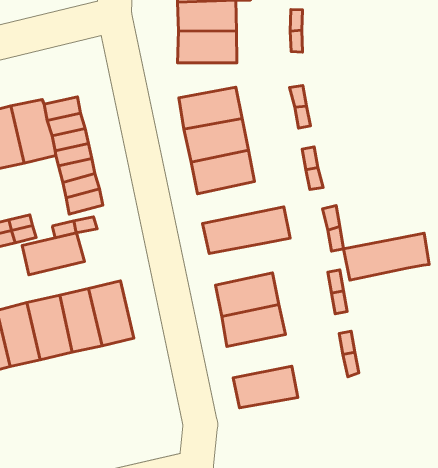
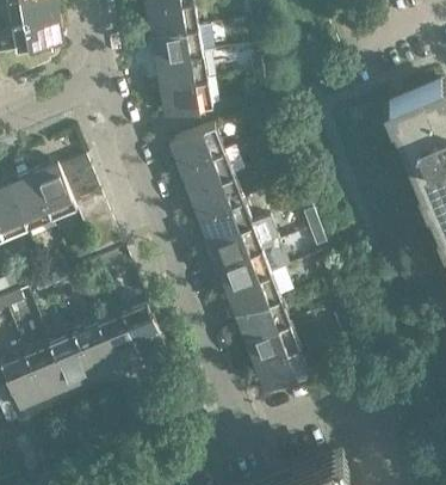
building: none -> [197,203,252,245]
building: [22,233,84,275] -> none
building: [343,233,429,280] -> [215,245,287,294]
building: none -> [242,325,298,368]

